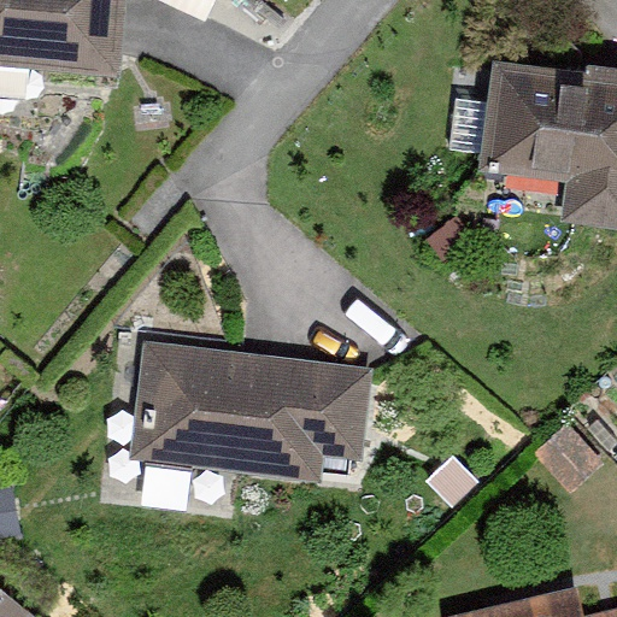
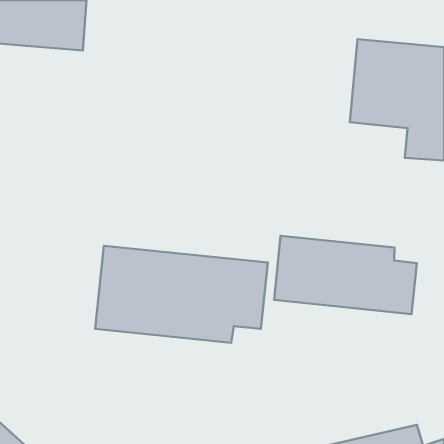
building: none -> [274,236,417,314]

